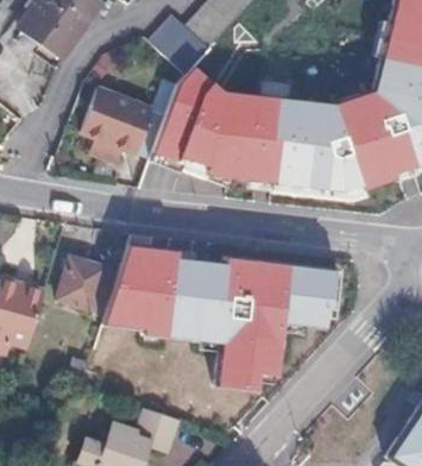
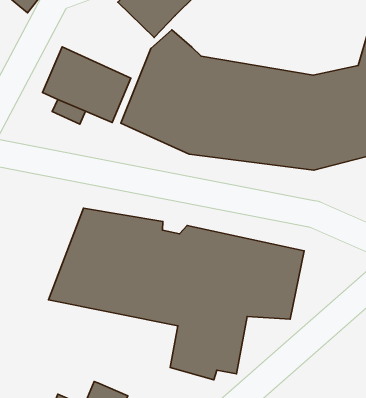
building: [56,254,106,309] -> none

